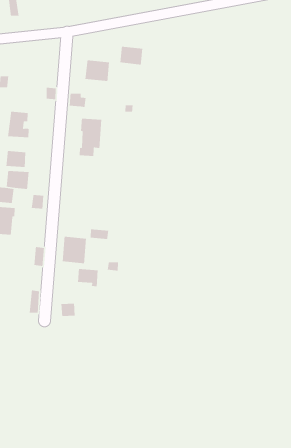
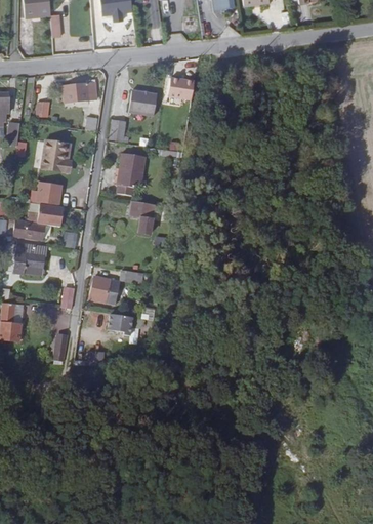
building: none -> [63,81,94,102]
building: none -> [129,200,154,233]

